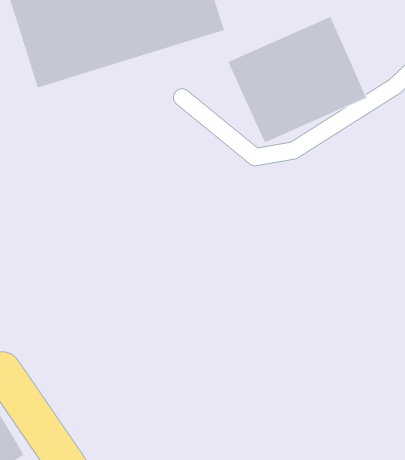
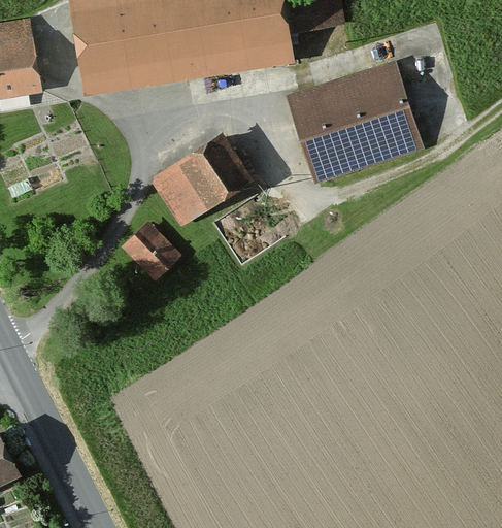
building: none -> [149,135,254,230]
building: none -> [121,229,174,282]

